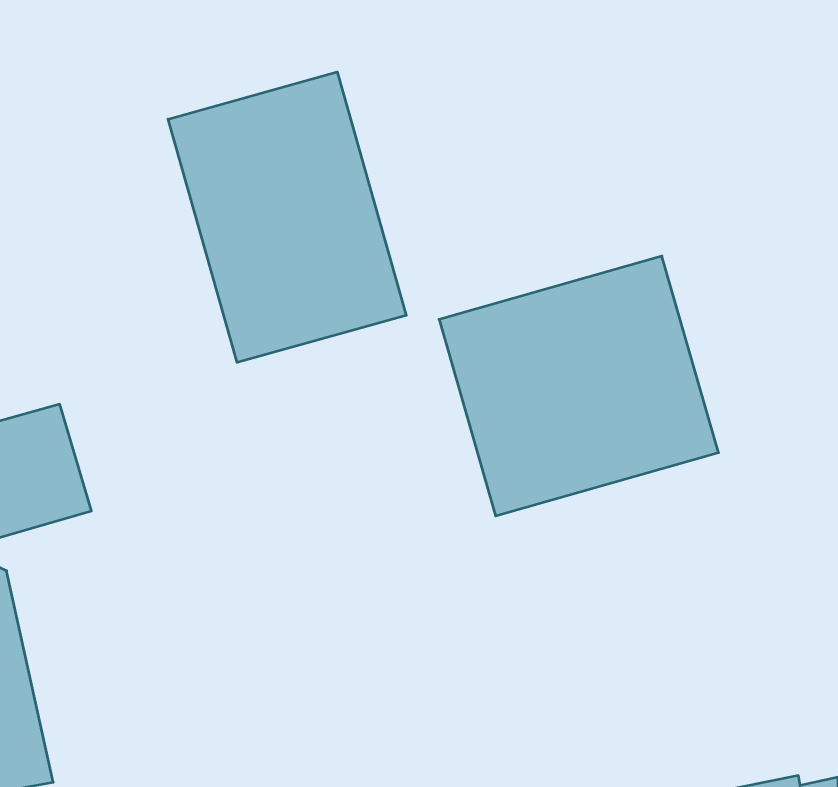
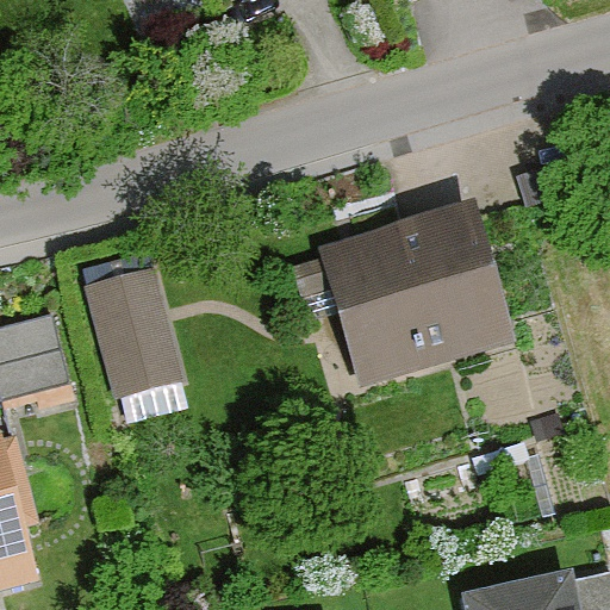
building: [168,72,406,362] -> none
building: none -> [81,263,180,394]

